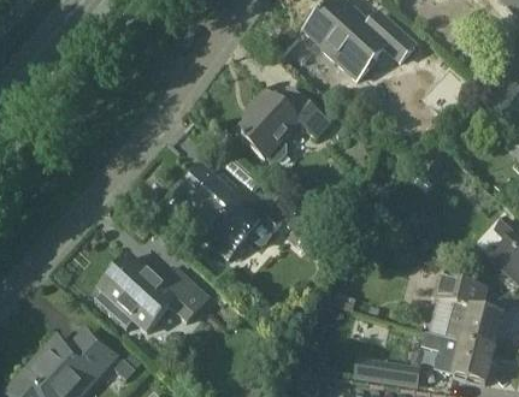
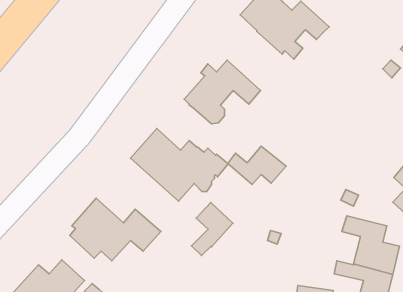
building: none -> [228,146,286,185]
building: none -> [191,202,233,256]

